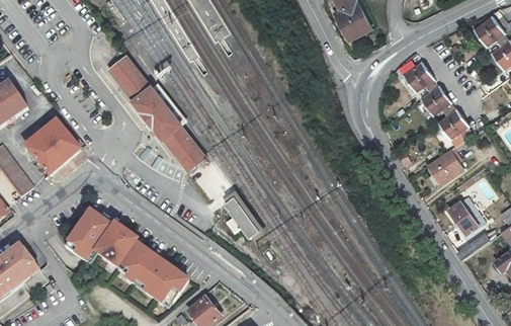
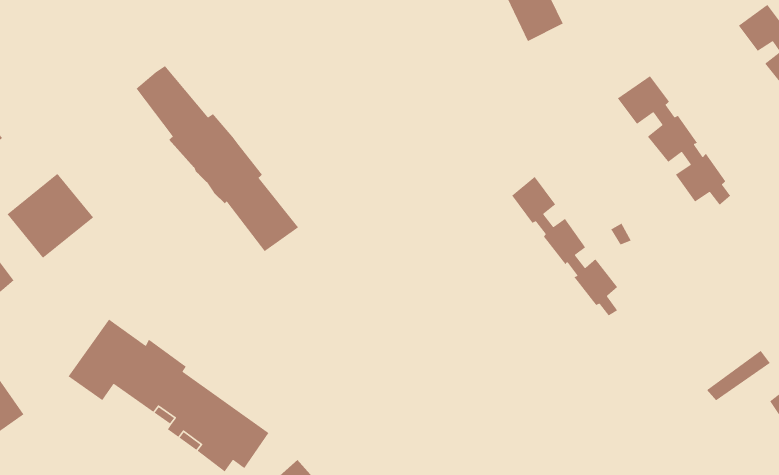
building: none -> [511,176,618,316]
building: [426,149,461,183] -> none
building: [226,193,261,235] -> none
building: [447,196,483,233] -> none

